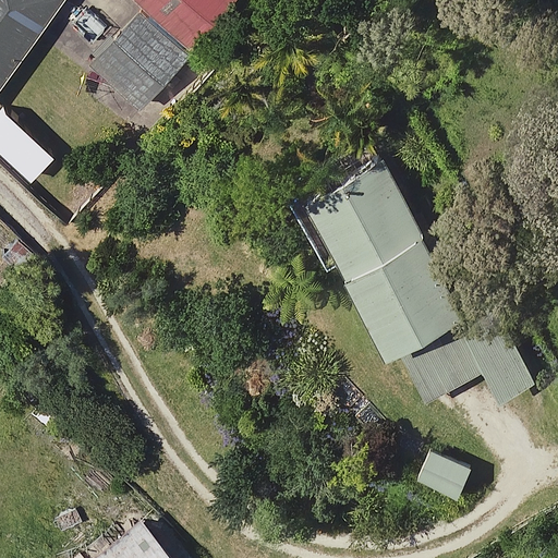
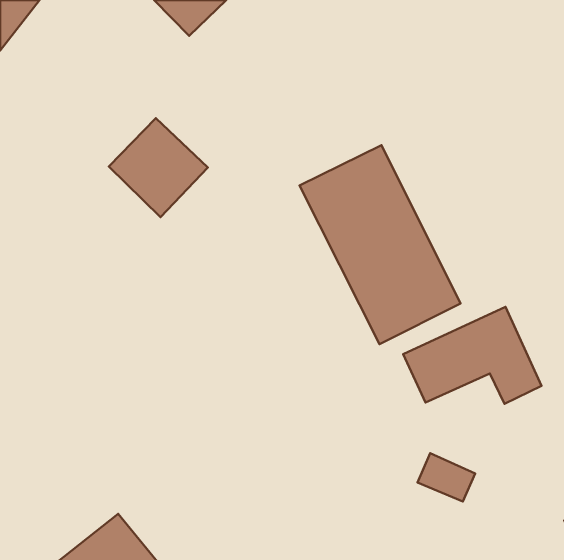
building: [93,20,189,116] -> [109,118,208,217]

